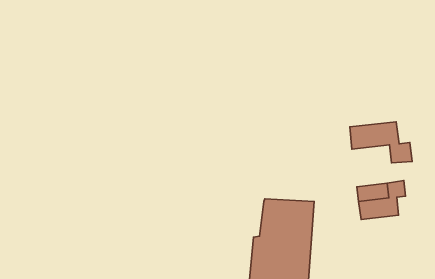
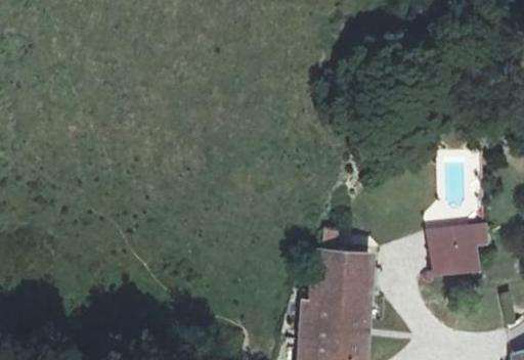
building: [350,122,412,163] -> none

